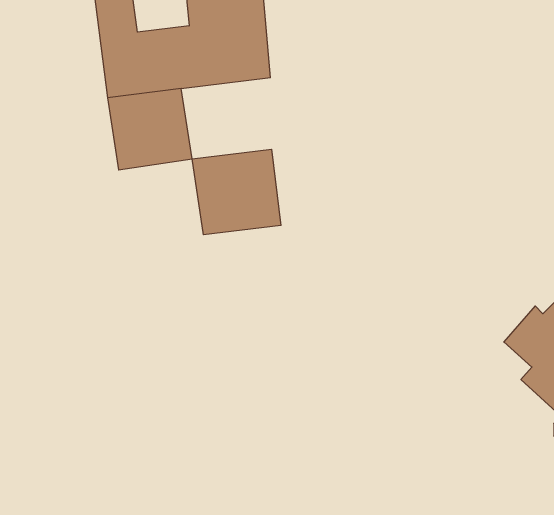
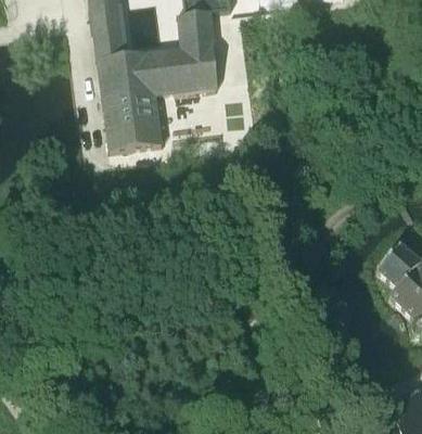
building: [192,149,281,235] -> none

